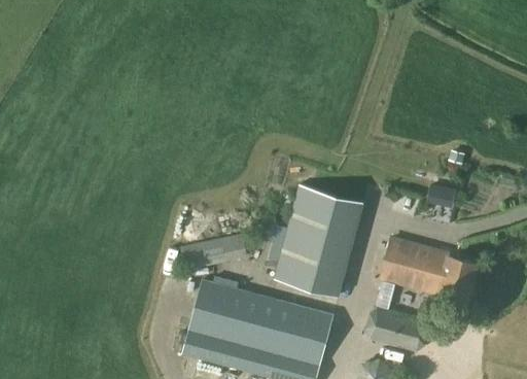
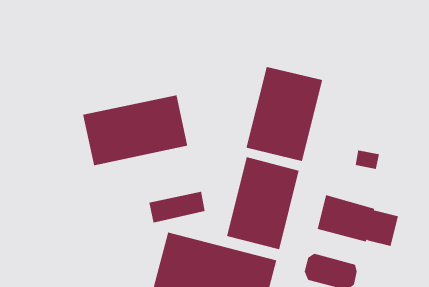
building: none -> [246,66,323,162]
building: none -> [83,94,188,166]

